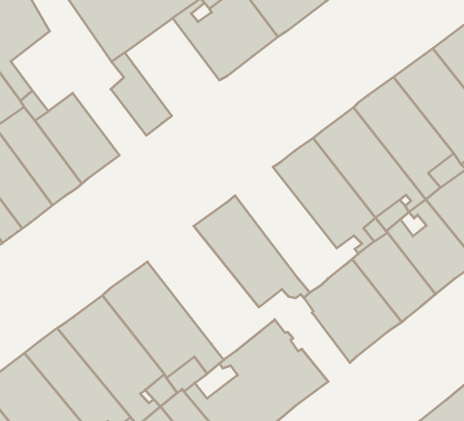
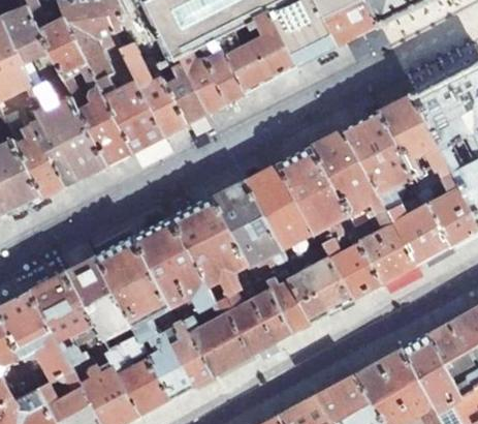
building: none -> [183,38,250,112]
building: none -> [123,46,188,134]
building: none -> [247,163,316,259]
building: none -> [172,198,250,297]
building: none -> [260,266,311,332]

